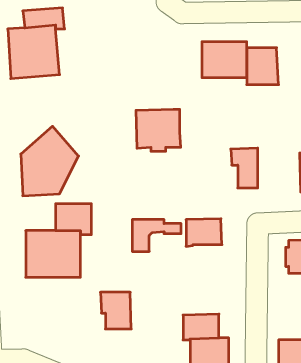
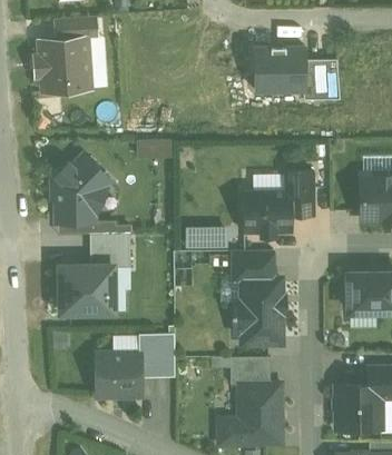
building: [136,109,181,151] -> [244,190,294,237]
building: none -> [192,227,220,248]
building: none -> [234,279,286,345]
building: none -> [94,356,145,397]

